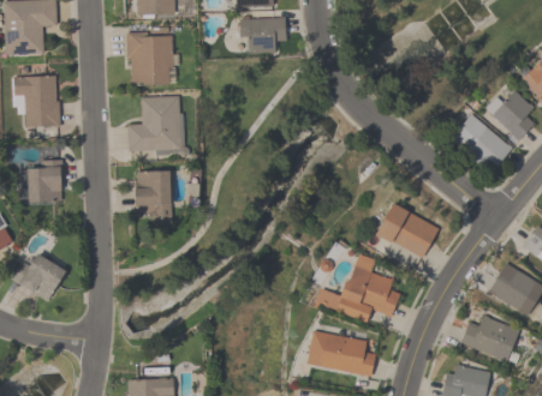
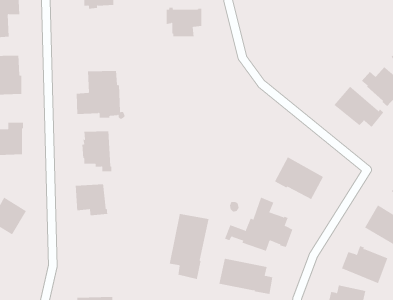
building: [127,31,174,85] -> none
building: none -> [75,183,108,216]
building: none -> [169,213,209,280]

